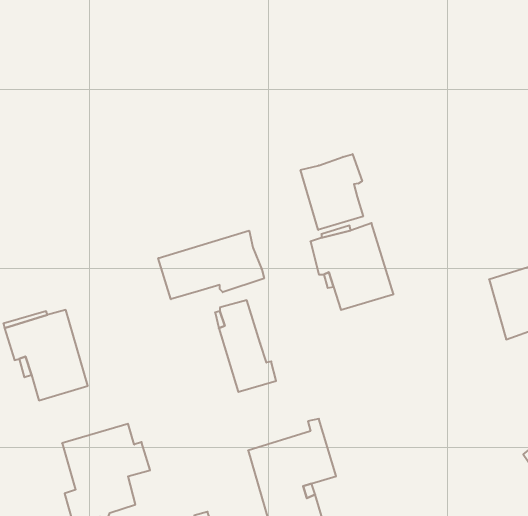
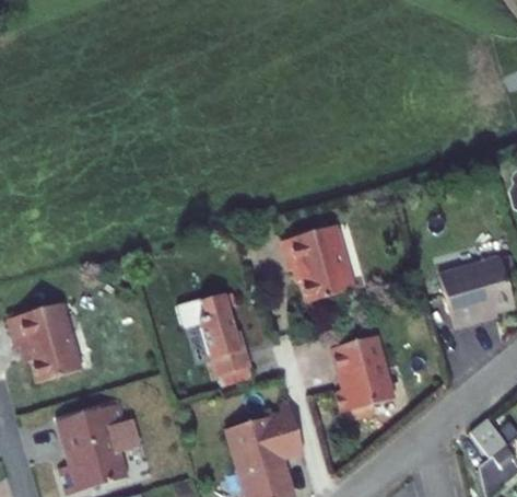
building: [301,154,363,230] -> none
building: [158,231,264,299] -> none
building: none -> [330,335,396,414]

